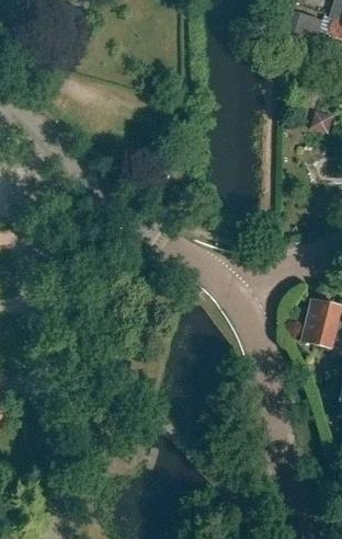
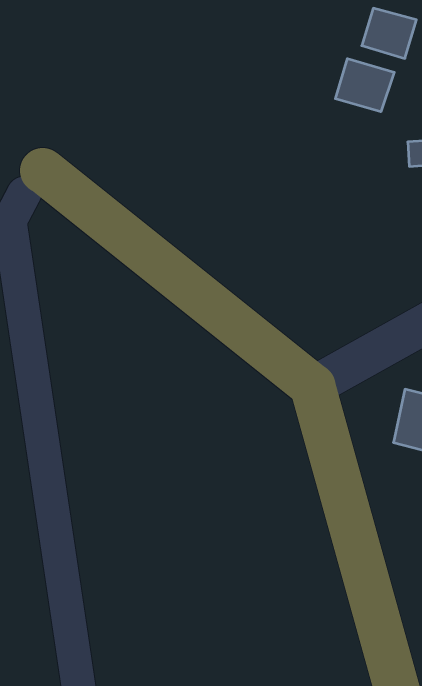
building: none -> [335,59,394,112]

